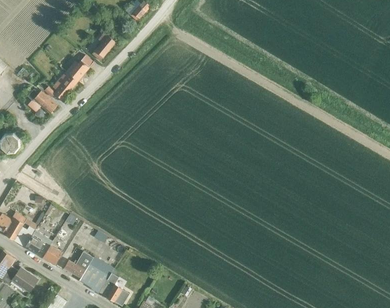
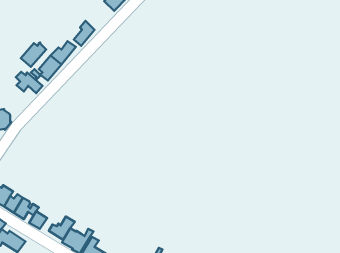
building: none -> [21,43,46,67]

